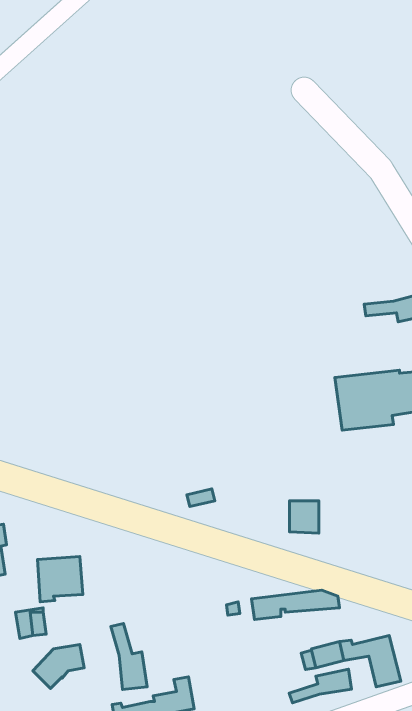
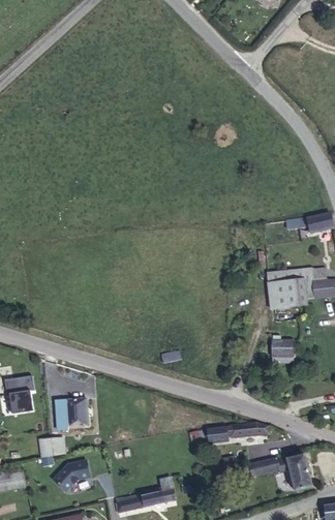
building: [289,501,319,533] -> [272,340,293,363]
building: [111,623,147,690] -> none
building: [289,669,352,703] -> none

